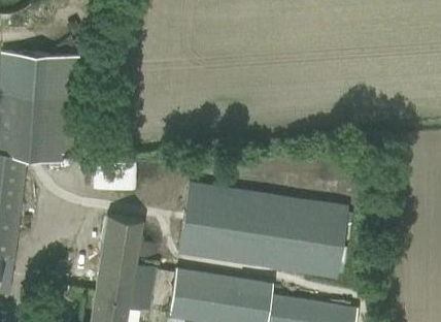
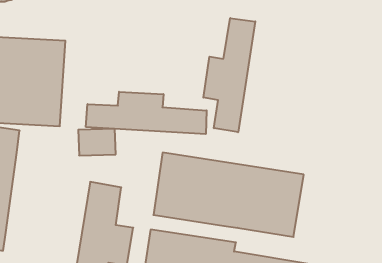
building: none -> [203,18,255,132]
building: none -> [86,92,207,134]

